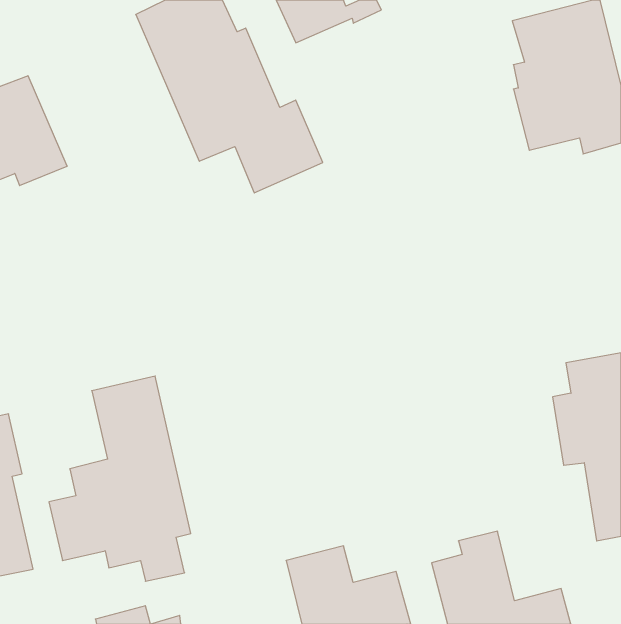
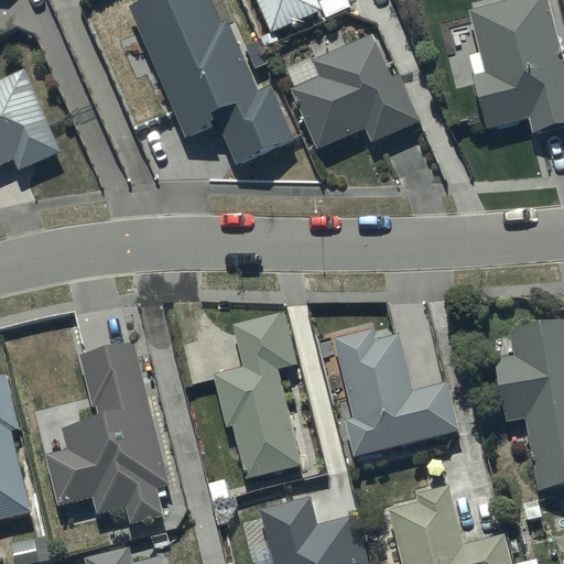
building: none -> [282,41,413,155]
building: none -> [215,312,303,477]
building: none -> [334,326,460,455]

